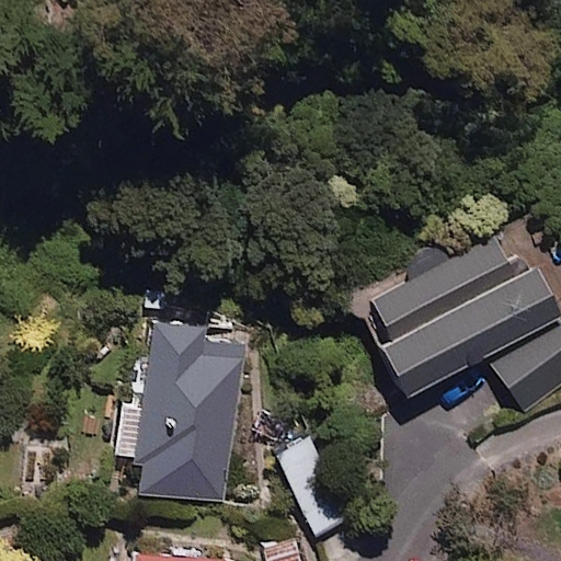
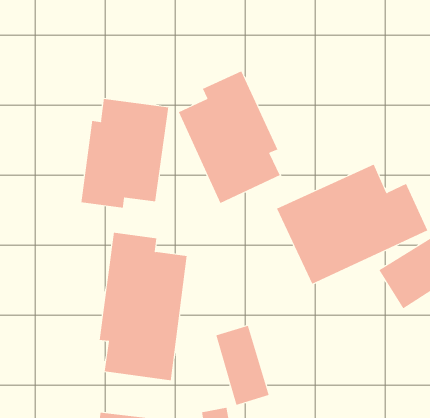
building: none -> [178,70,280,204]
building: none -> [81,98,169,208]

